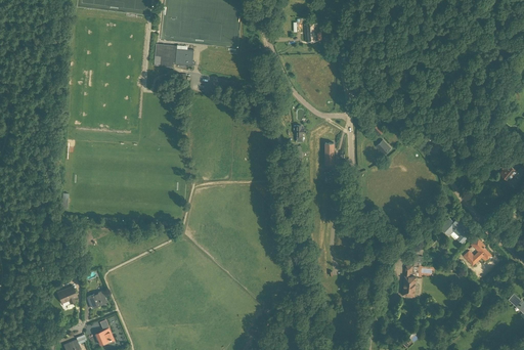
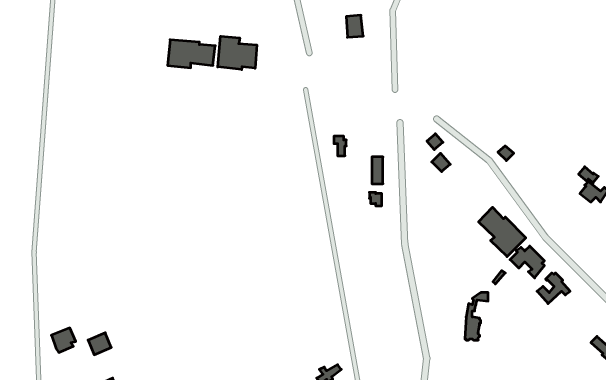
building: none -> [218,36,257,70]
building: none -> [479,207,526,257]

